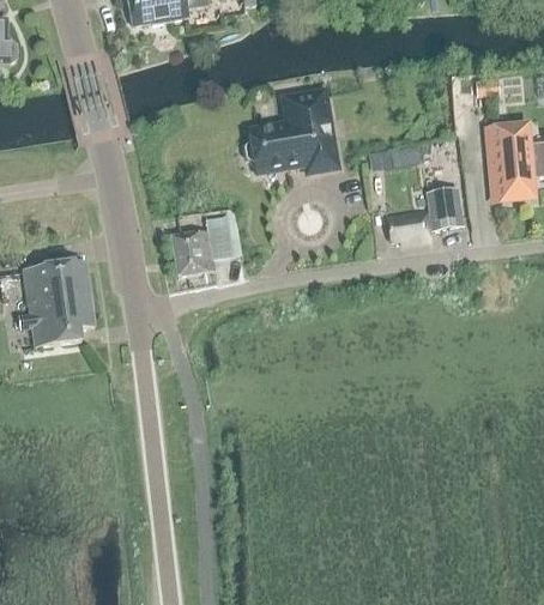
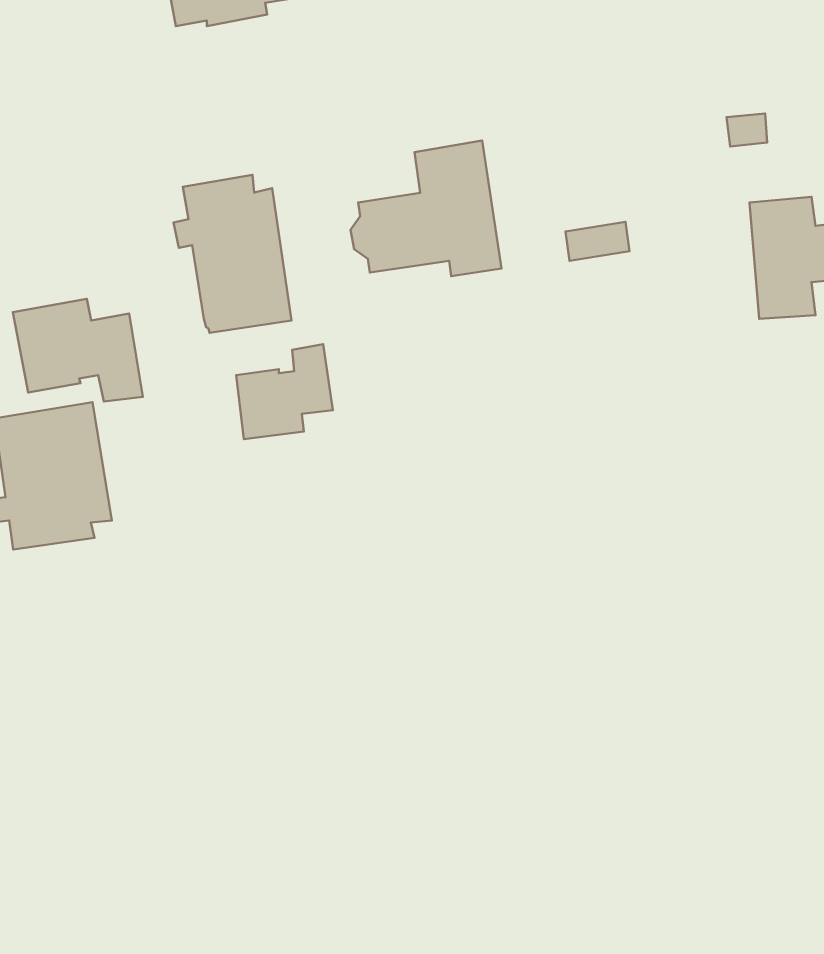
building: none -> [174,175,291,333]
building: [386,183,465,246] -> none
building: none -> [13,299,143,402]

